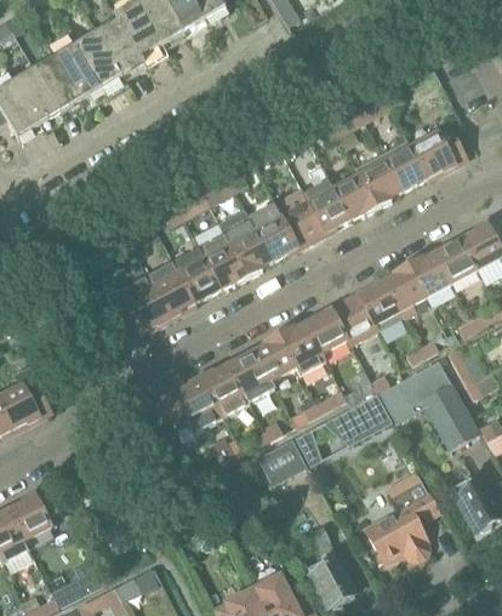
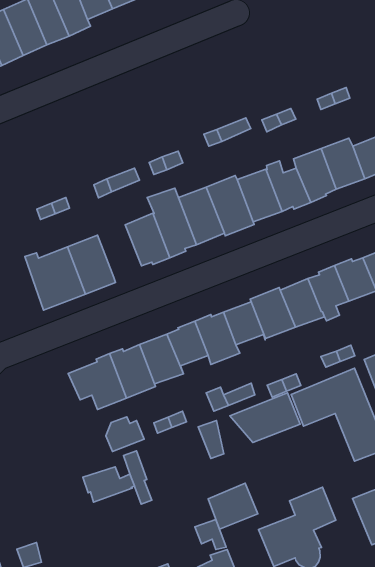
building: [173,250,219,302] -> none
building: [257,438,307,485] -> [208,483,258,529]
building: none -> [83,467,134,502]

